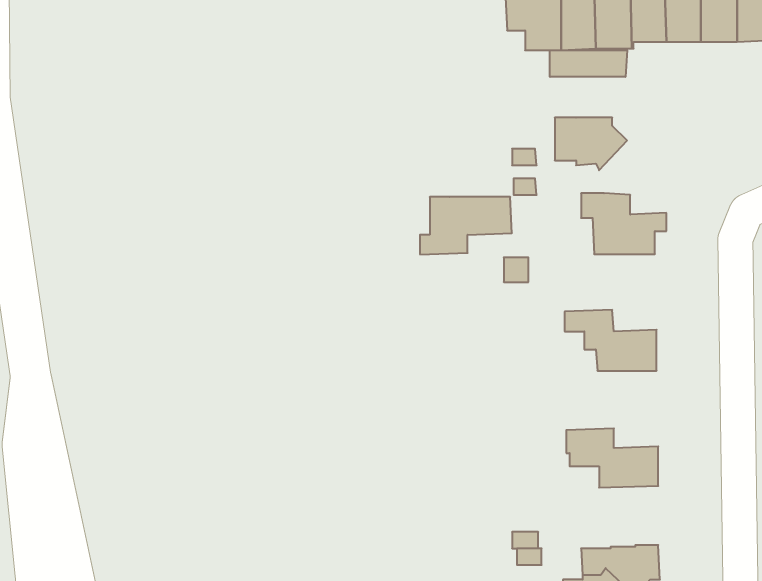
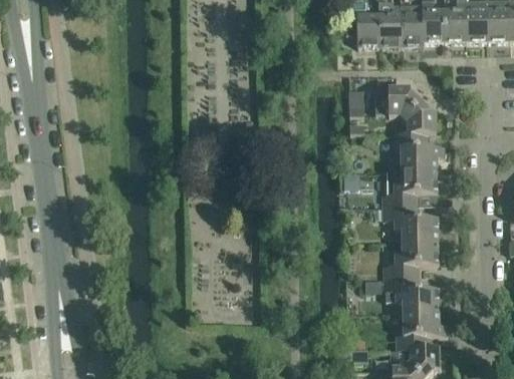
building: [550,50,627,77] -> none
building: none -> [404,101,437,134]
building: [420,197,512,254] -> [382,170,439,206]
building: none -> [383,242,440,278]
building: none -> [397,312,448,350]

